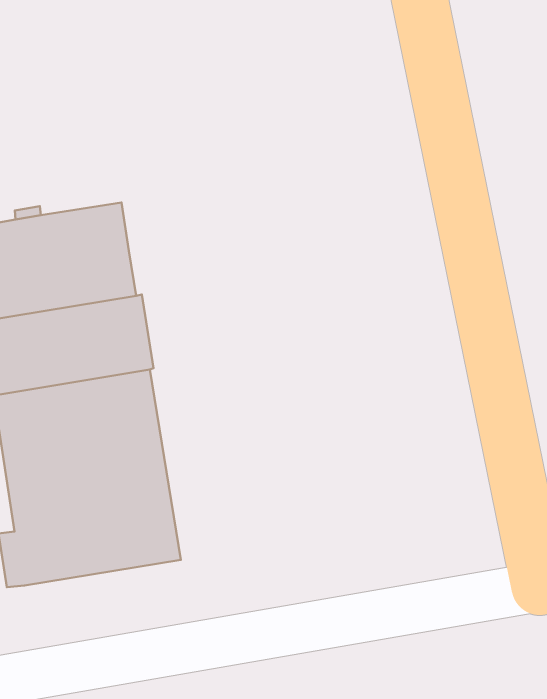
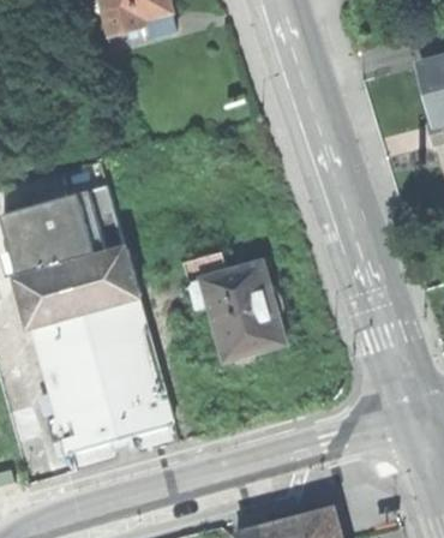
building: none -> [187,258,278,364]

